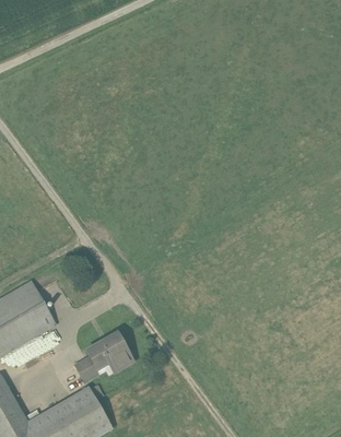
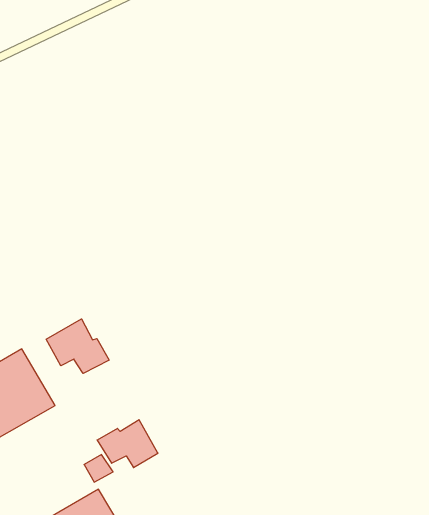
building: none -> [46,319,109,373]

